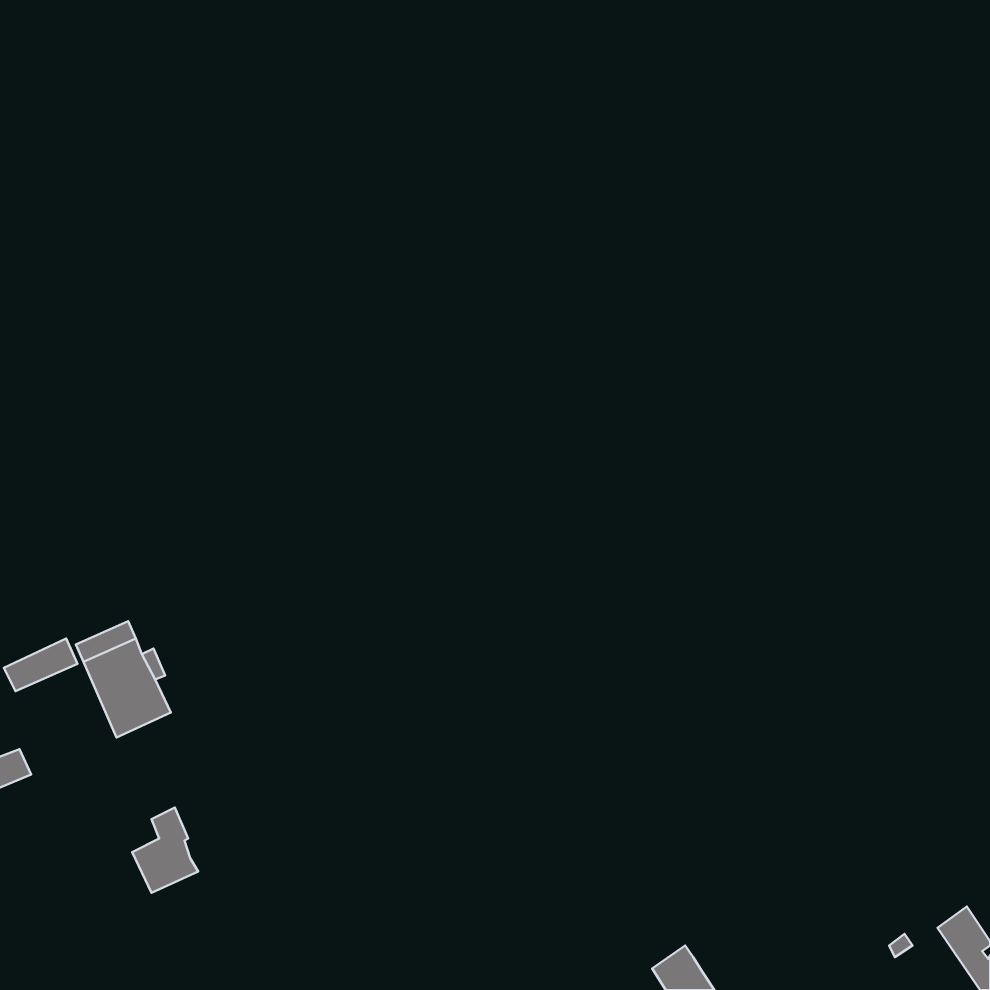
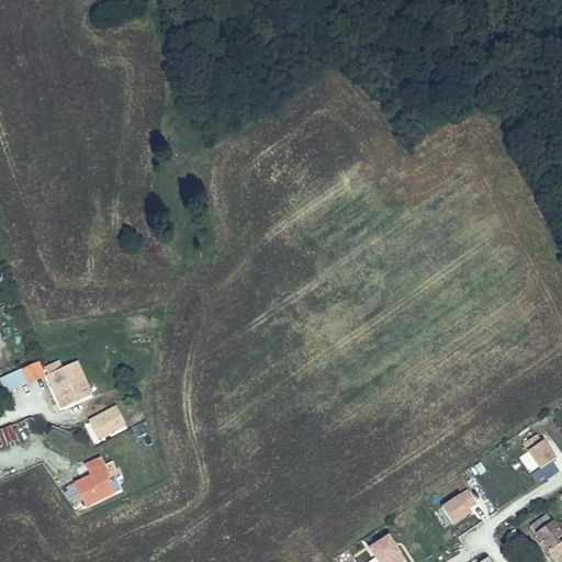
building: none -> [89,407,124,438]
building: none -> [522,434,554,468]
building: none -> [441,488,476,522]

